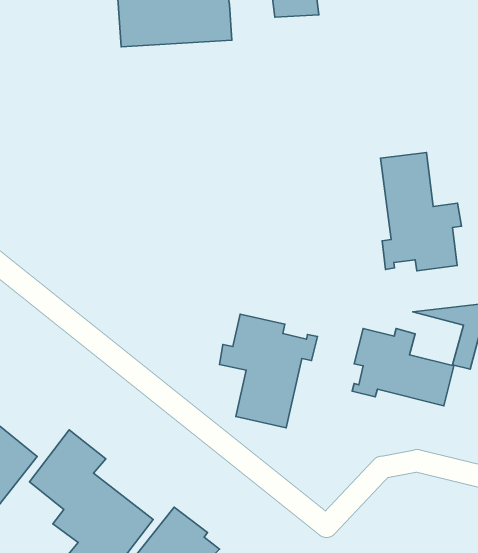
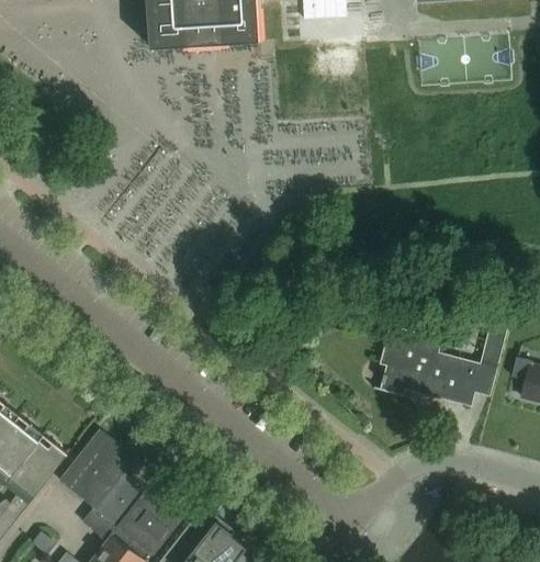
building: [381,152,461,271] -> none
building: [220,314,317,428] -> none

